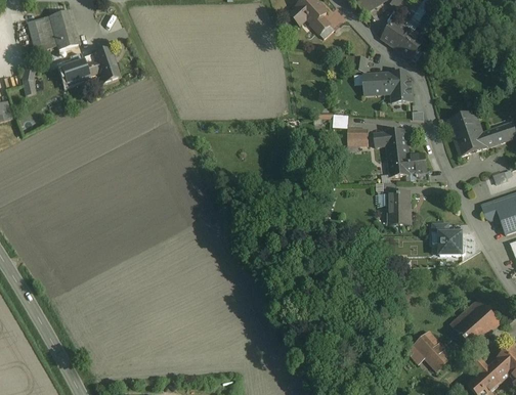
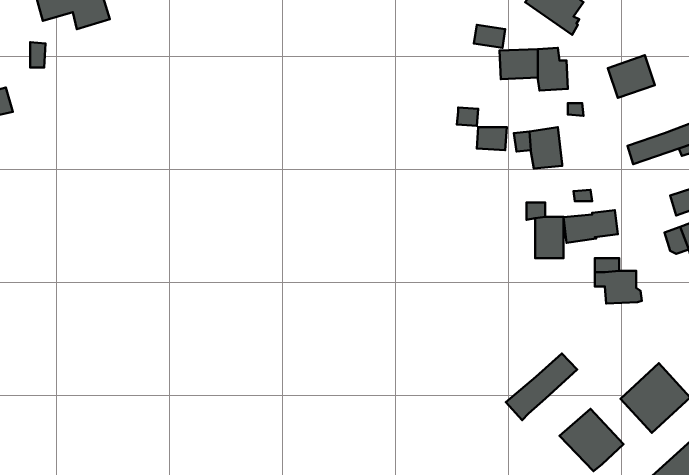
building: [66,46,121,84] -> none
building: [448,111,482,141] -> [608,55,655,98]
building: [388,152,427,176] -> [564,210,618,243]
building: none -> [506,354,577,420]

